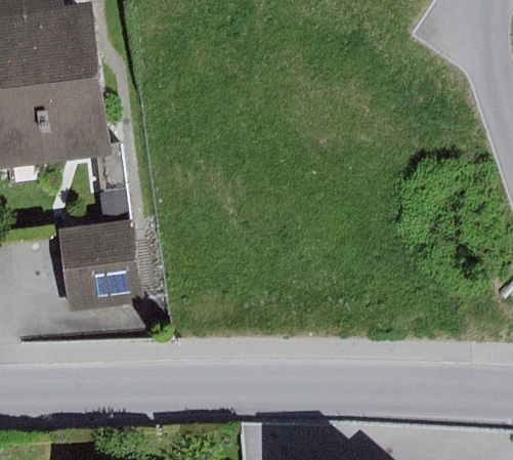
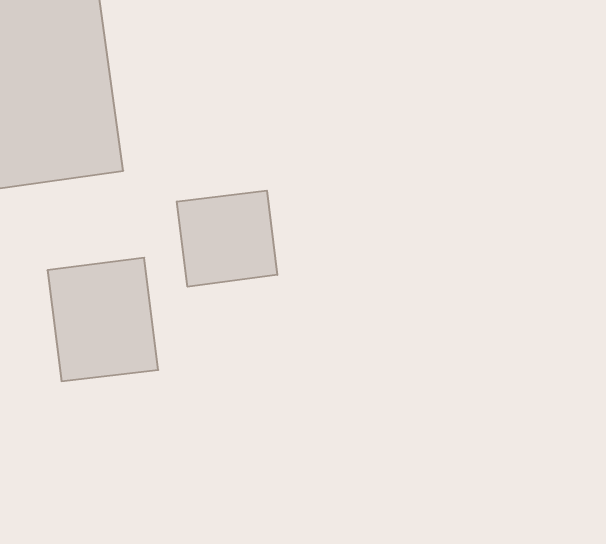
building: none -> [177,191,277,287]

